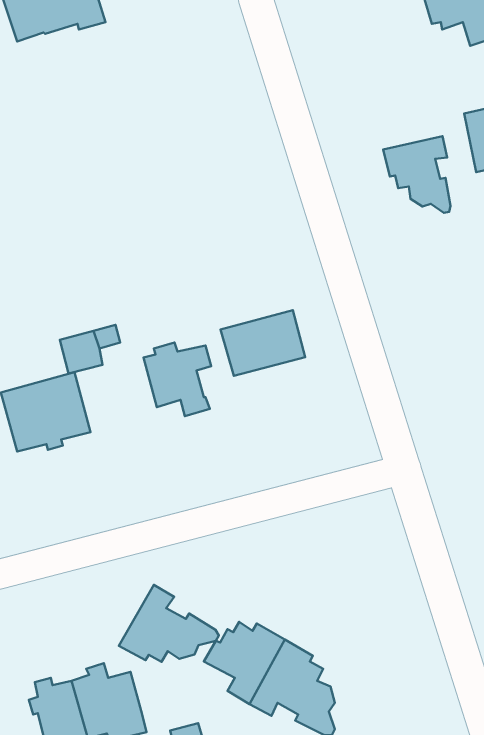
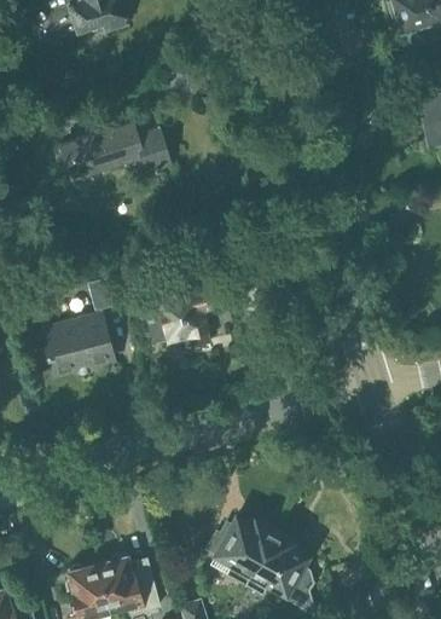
building: [383,136,451,213] -> none
building: none -> [60,122,168,180]
building: [221,310,305,376] -> none
building: [119,585,219,662] -> none

